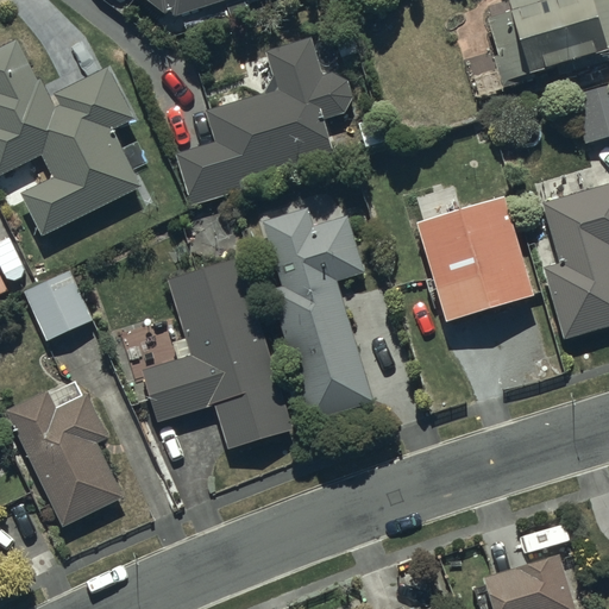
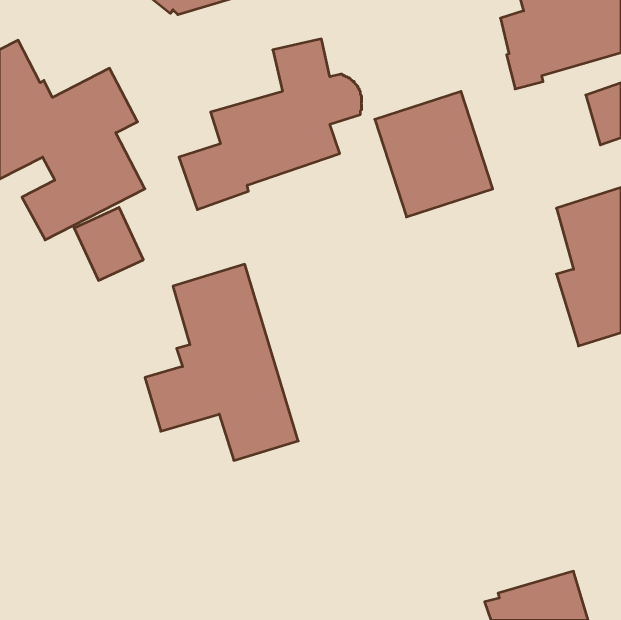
building: [417,194,533,316] -> [375,91,493,217]
building: [264,207,371,419] -> none
building: [23,270,90,341] -> [74,207,143,280]
building: [6,382,124,526] -> none

